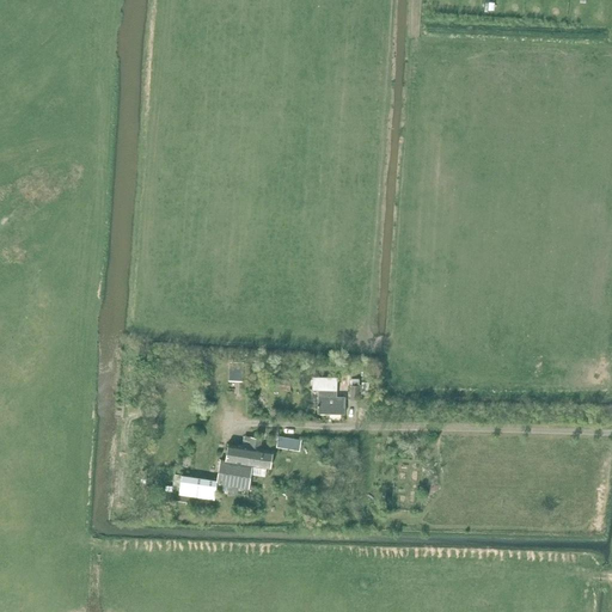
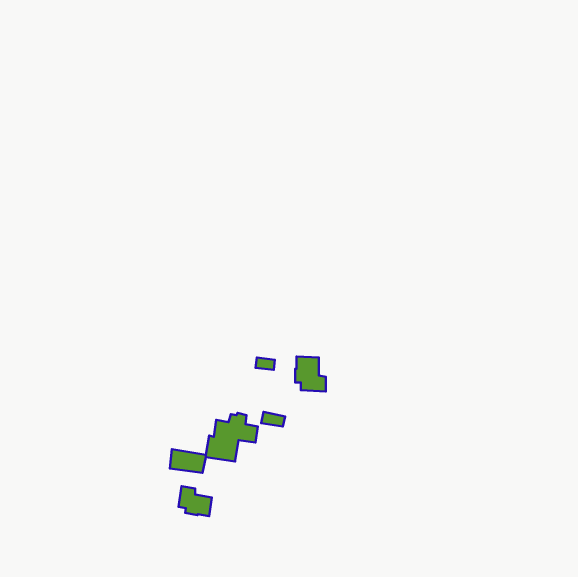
building: none -> [179,486,212,516]

